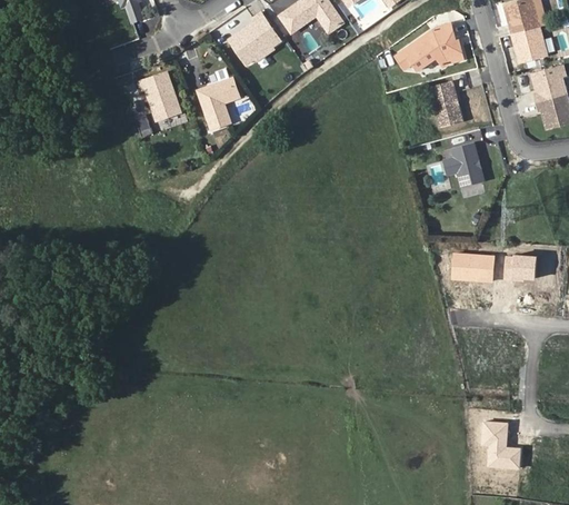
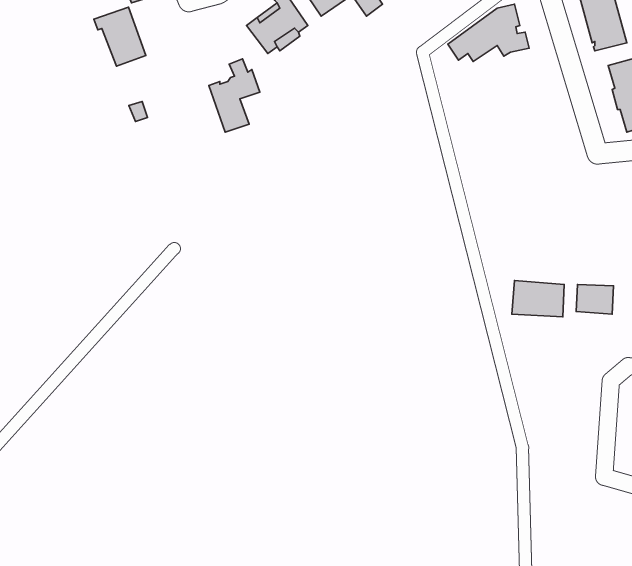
building: [139,71,182,120] -> [94,7,146,66]
building: [429,80,462,127] -> none
building: [451,141,485,187] -> none
building: [480,422,520,469] -> none

